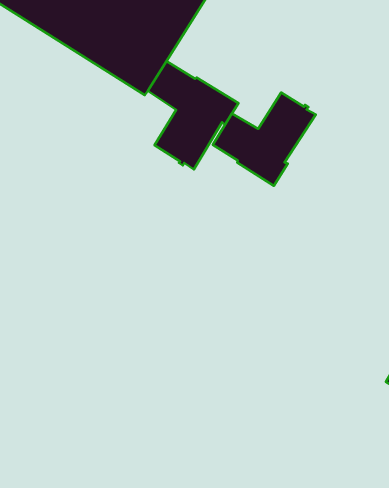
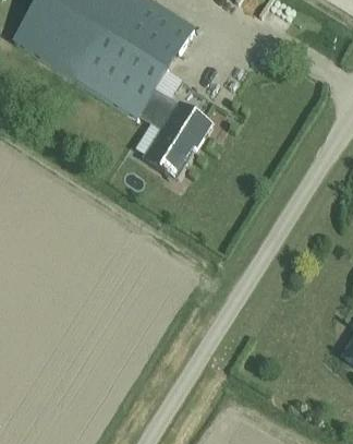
building: [213,93,316,186] -> none

